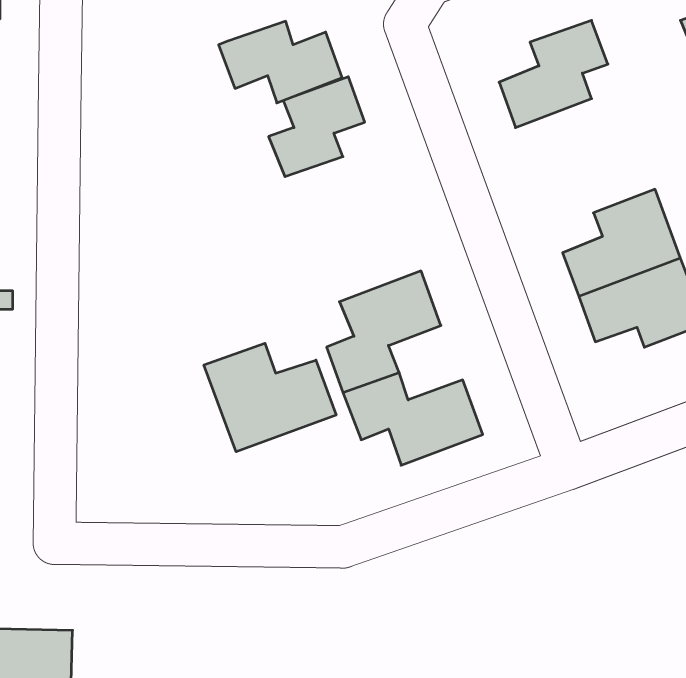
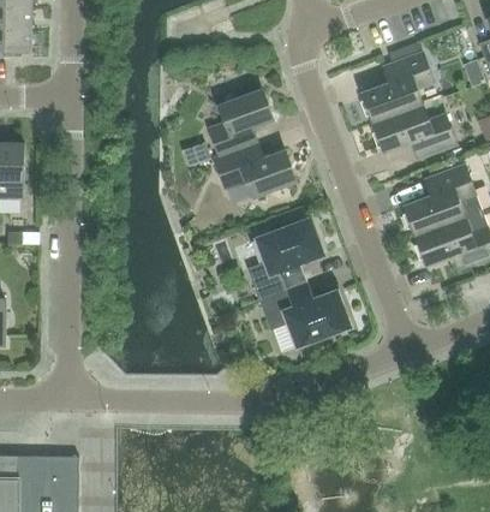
building: [219,21,342,103] -> [214,143,295,197]
building: none -> [372,105,456,160]
building: [204,343,336,452] -> none

